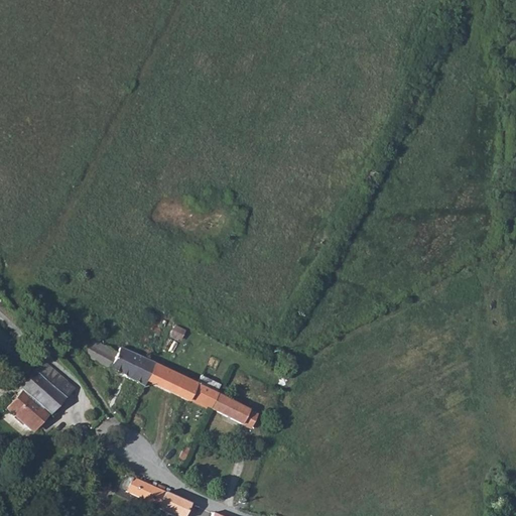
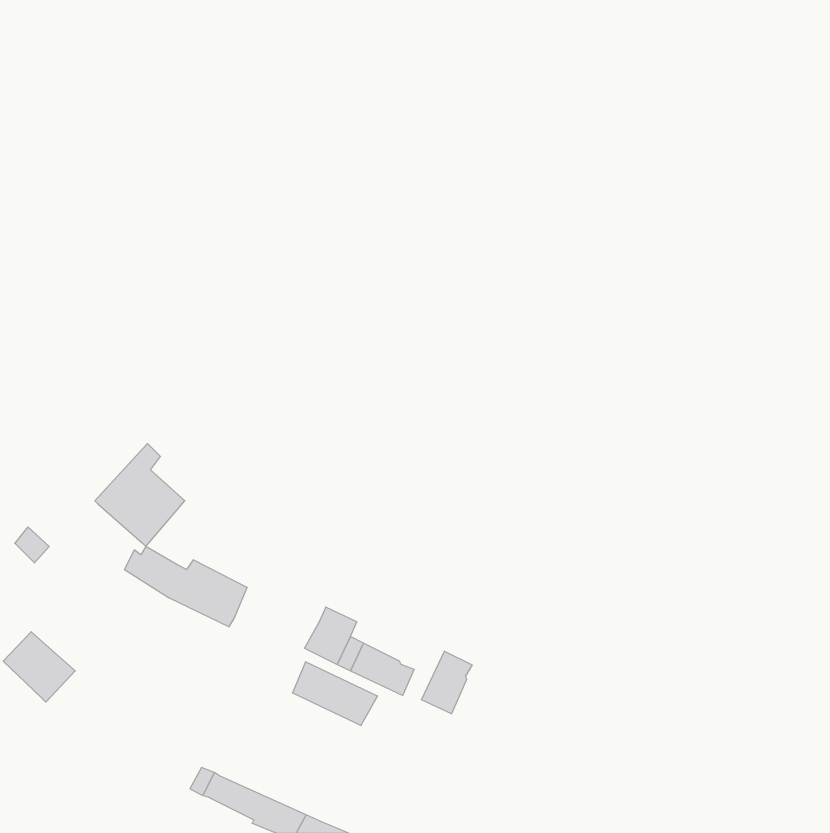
building: [21,352,77,415] -> [95,444,185,547]
building: [148,362,201,401] -> [292,662,378,726]
building: none -> [422,651,472,714]

